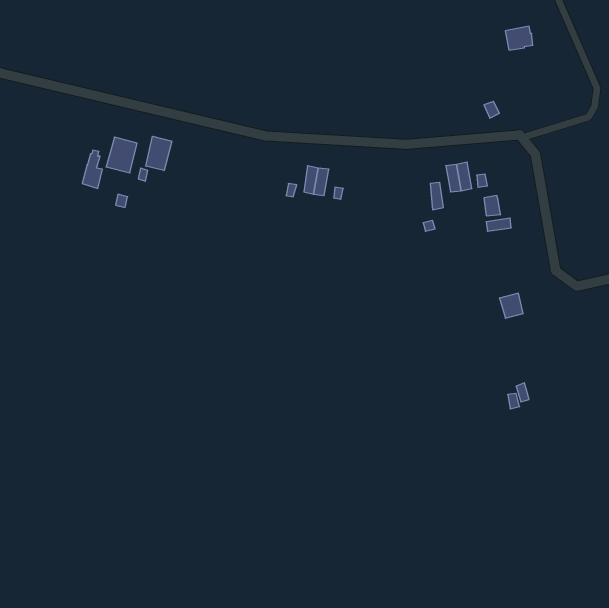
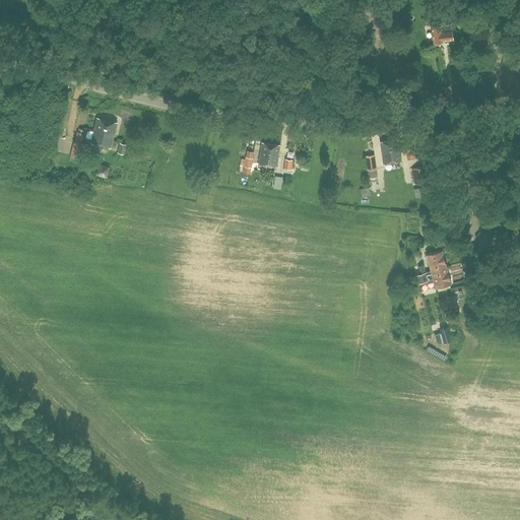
building: [146,136,172,171] -> none
building: none -> [414,268,451,289]

